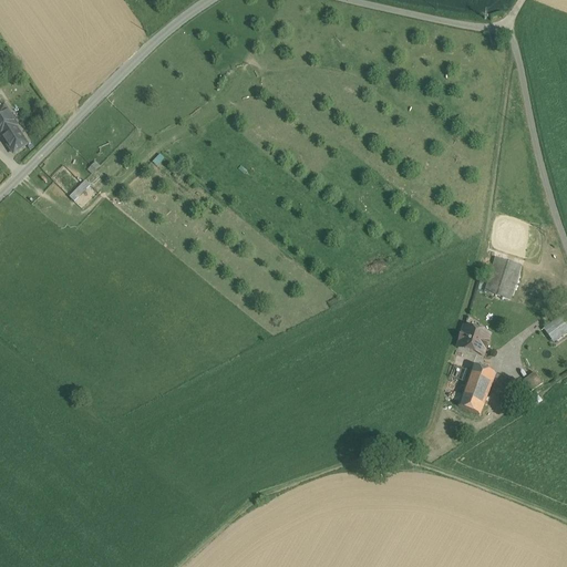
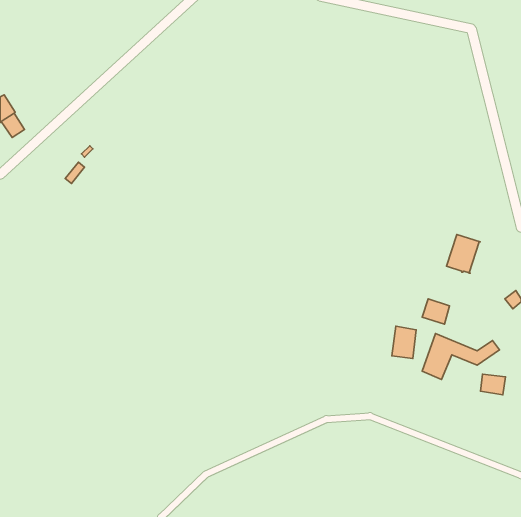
building: none -> [392,326,416,358]
building: none -> [480,374,505,395]

